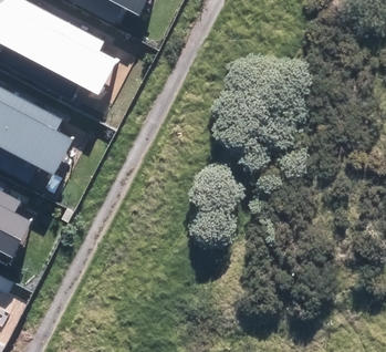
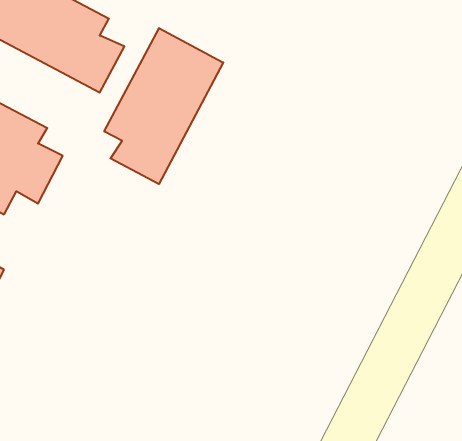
building: none -> [104,28,223,184]

